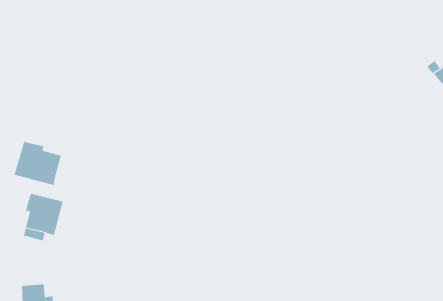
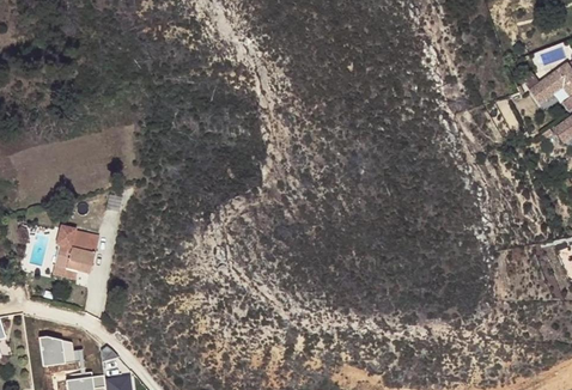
building: [14,141,62,186] -> none

